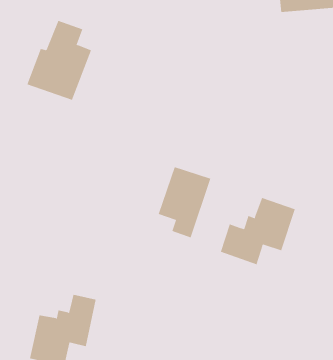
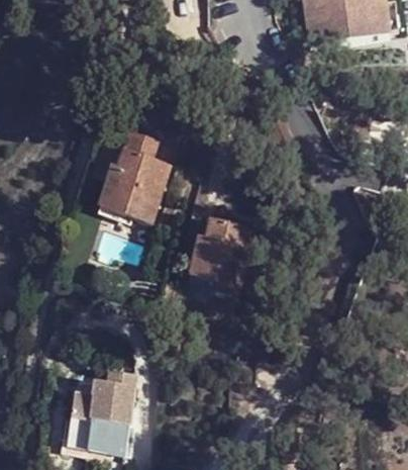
building: [27,20,92,101] -> [99,133,168,220]
building: [220,197,296,265] -> none

